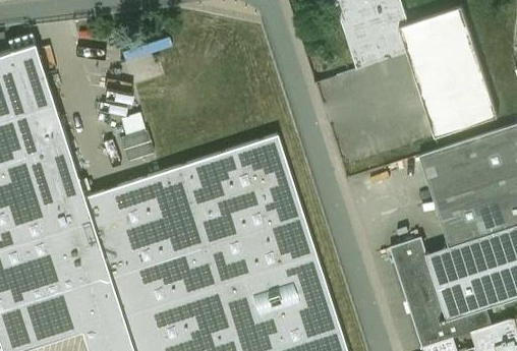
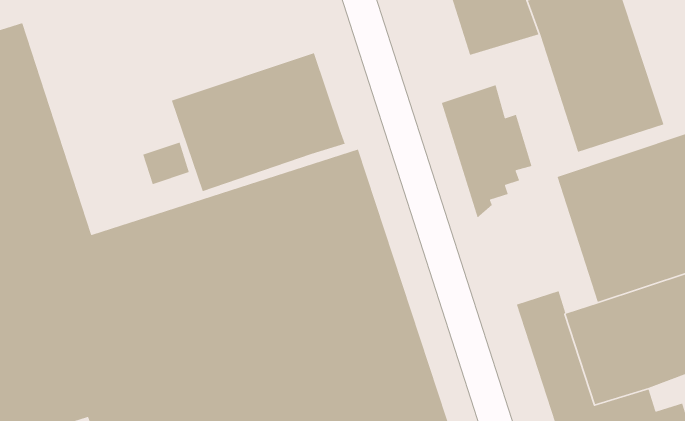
building: none -> [171,52,346,192]
building: none -> [441,84,533,219]

